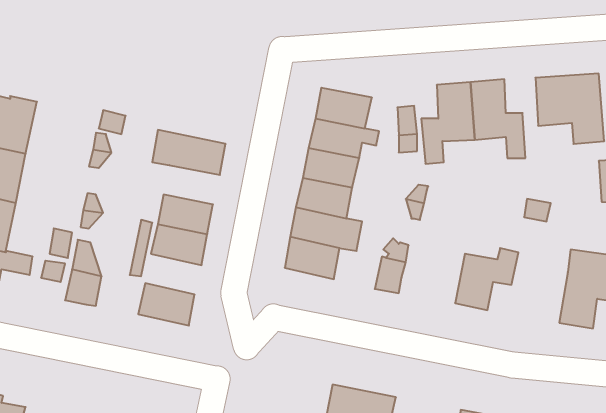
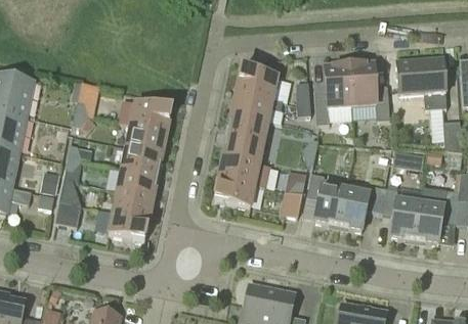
building: none -> [126,125,167,153]
building: none -> [306,173,345,225]
building: none -> [379,188,420,239]
building: none -> [113,189,154,219]

